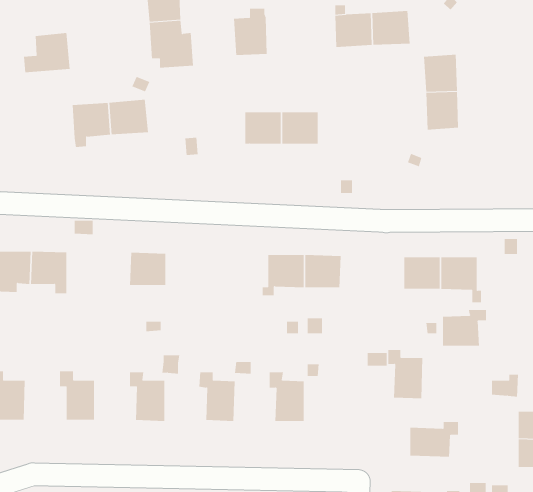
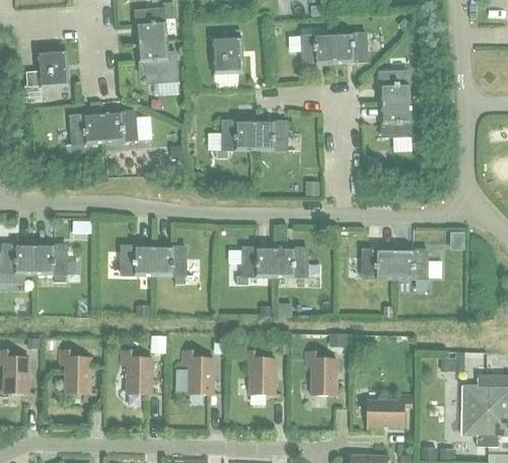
building: none -> [153,246,186,283]
building: [443,309,487,346] -> none
building: [387,349,423,399] -> [305,352,337,395]

